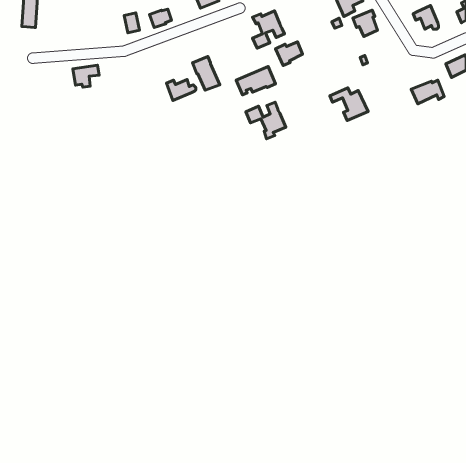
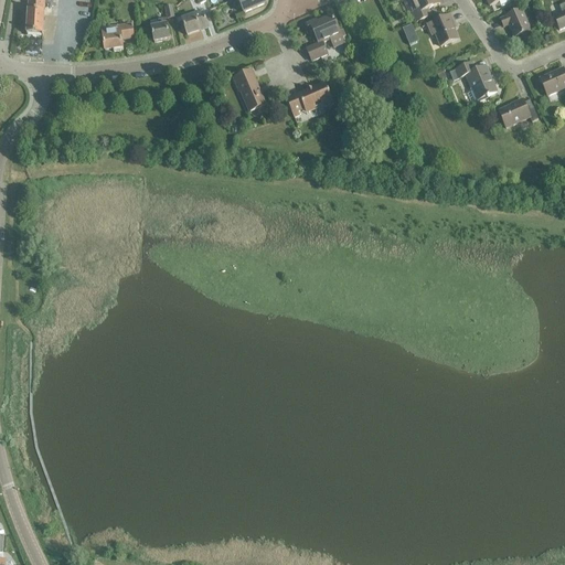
building: [276,42,303,66] -> none
building: [73,65,99,87] -> [102,23,134,50]
building: [167,79,196,101] -> none
building: [330,88,368,120] -> [450,61,497,100]
building: [246,102,286,139] -> none

